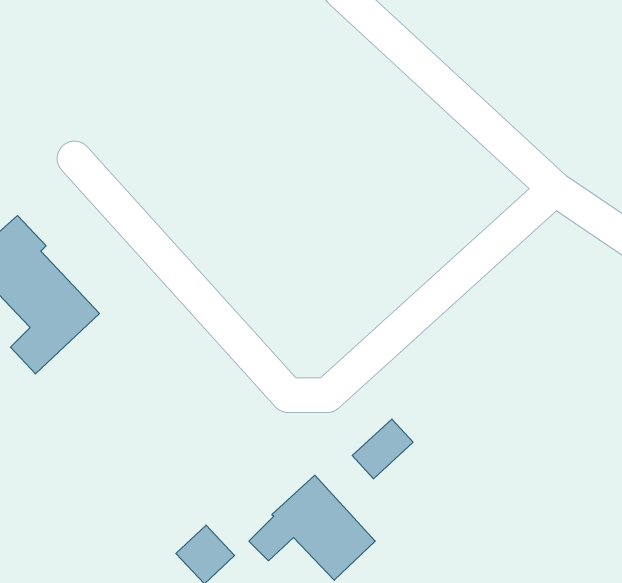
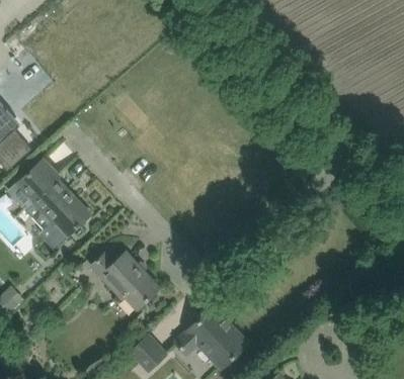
building: none -> [91,253,159,309]
building: [352,419,413,479] -> none

